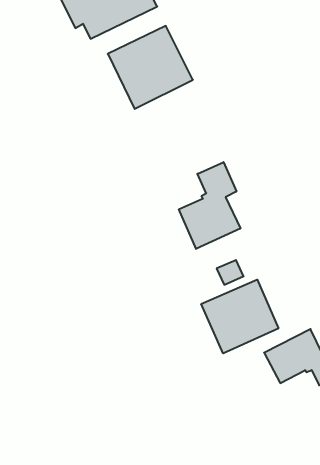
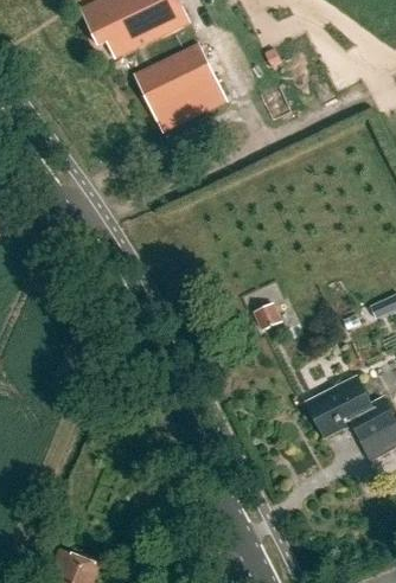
building: [179,162,240,249] -> none
building: [201,280,278,353] -> none

